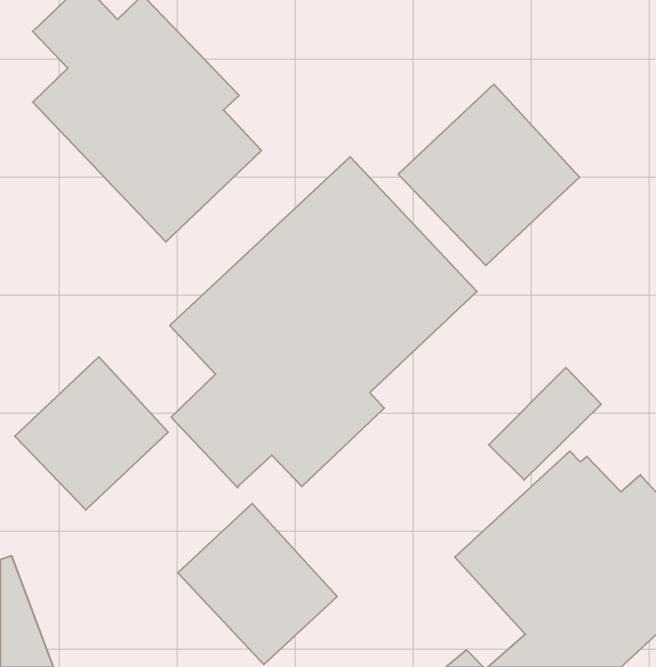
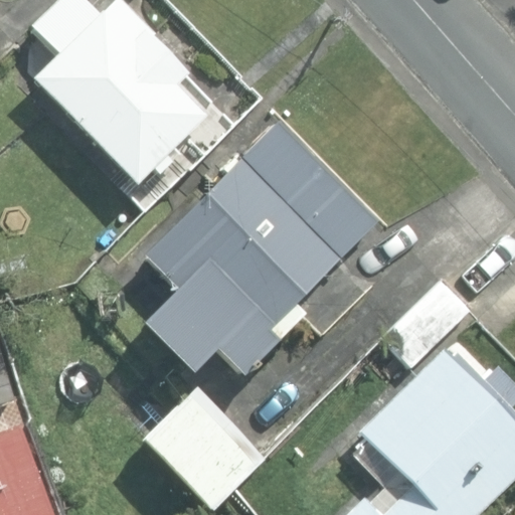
building: [398,84,579,265] -> none
building: [15,357,168,510] -> none

